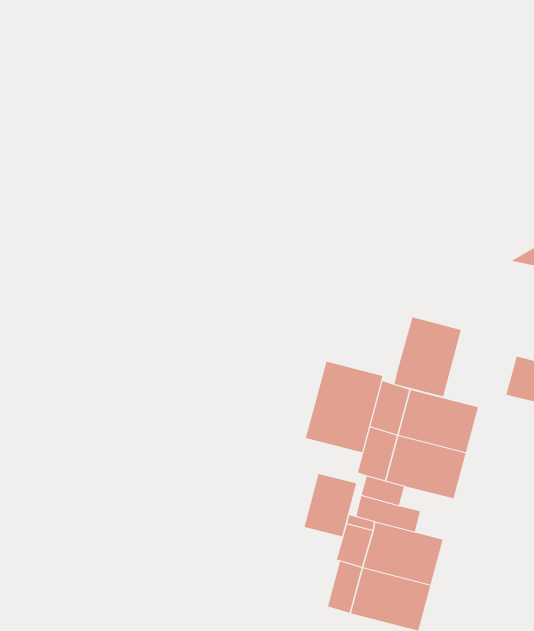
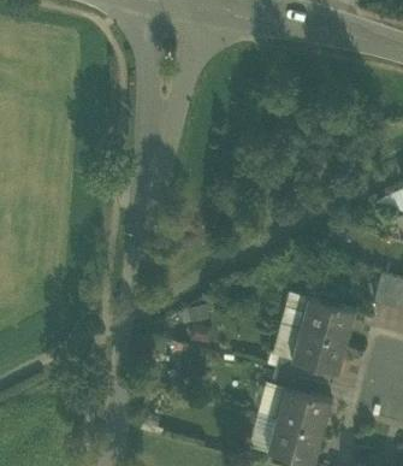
building: [394,317,462,397] -> none
building: [305,361,383,453] -> none
building: [304,473,357,537] -> none

